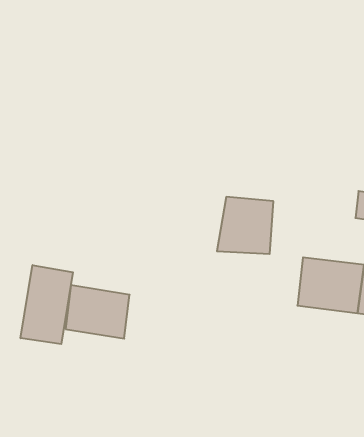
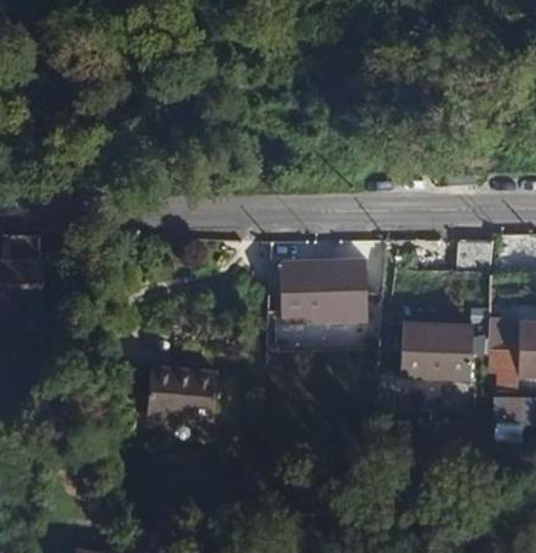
building: none -> [282,259,313,321]
building: [21,265,73,344] -> none

